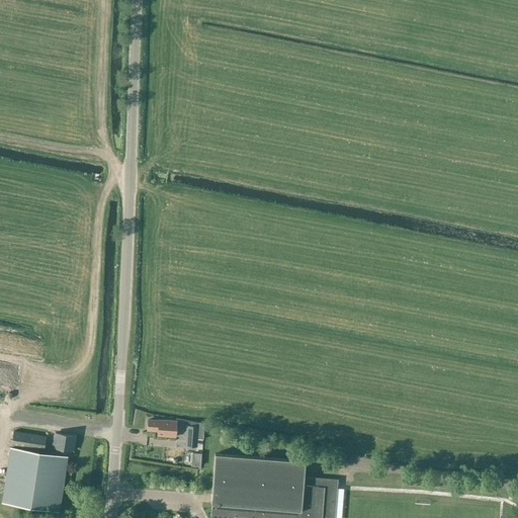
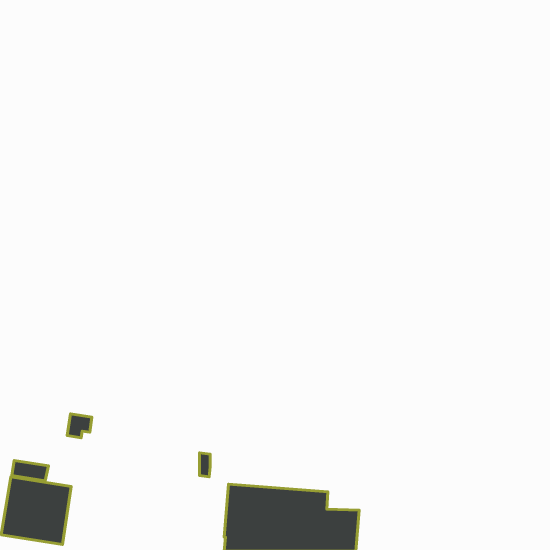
building: [148,421,177,438] -> none
building: [53,434,76,456] -> [67,414,92,438]

